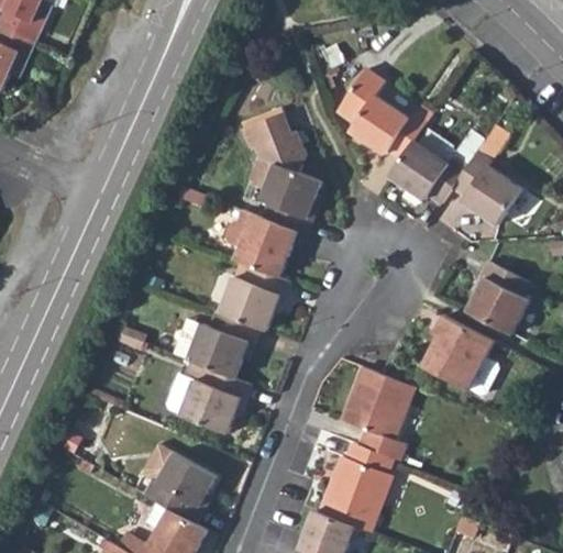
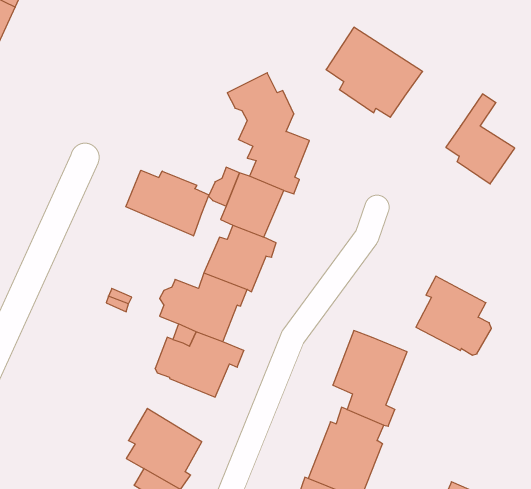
building: [390,136,470,201] -> none
building: none -> [126,170,209,236]
building: [463,256,526,330] -> none

